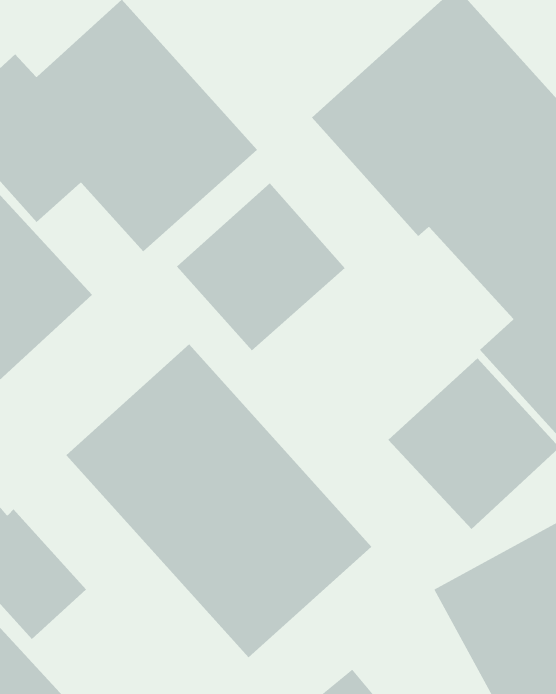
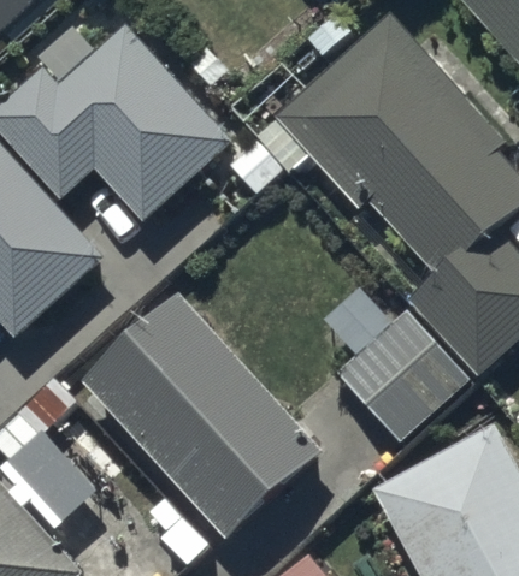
building: [176,182,345,351] -> none

